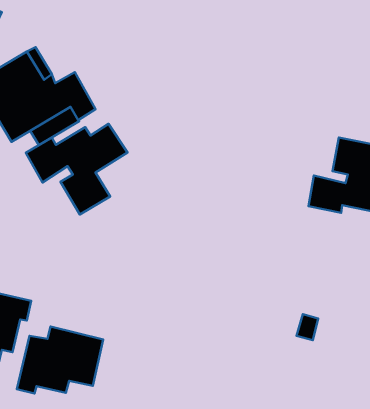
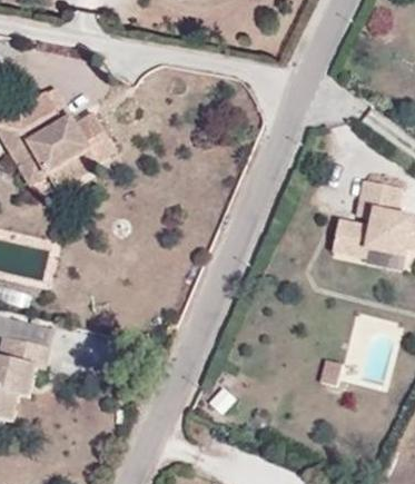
building: [26,124,127,214] -> none
building: [17,327,103,393] -> none

